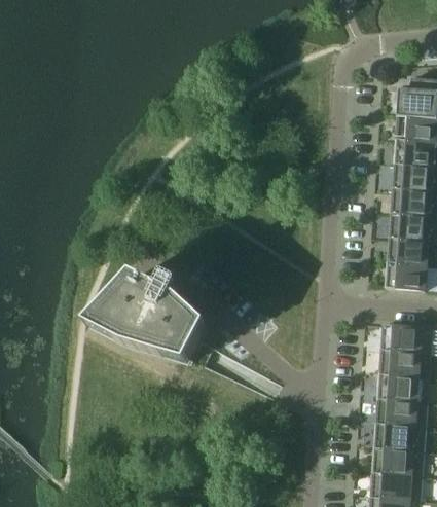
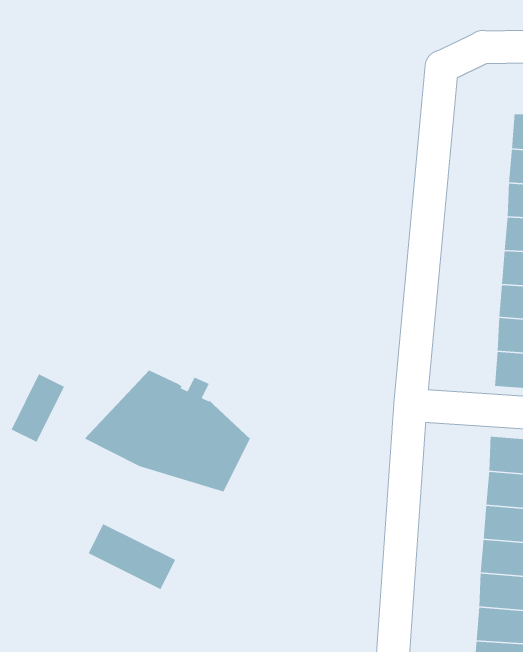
building: none -> [10,373,65,443]
building: none -> [88,523,176,590]

